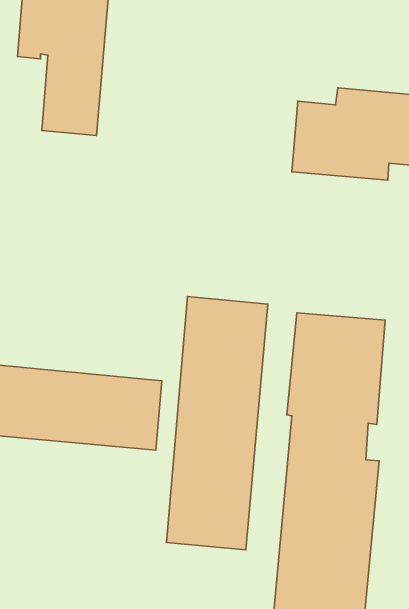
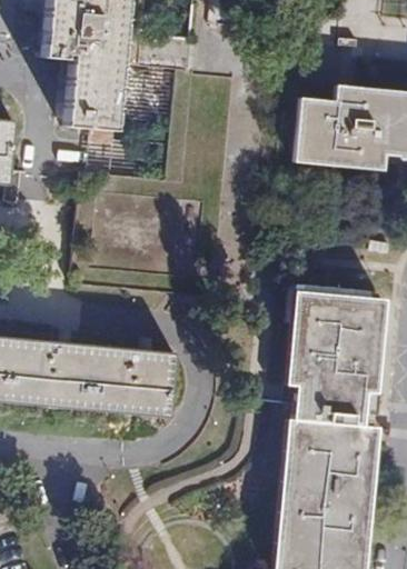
building: [167,296,268,550] -> none

